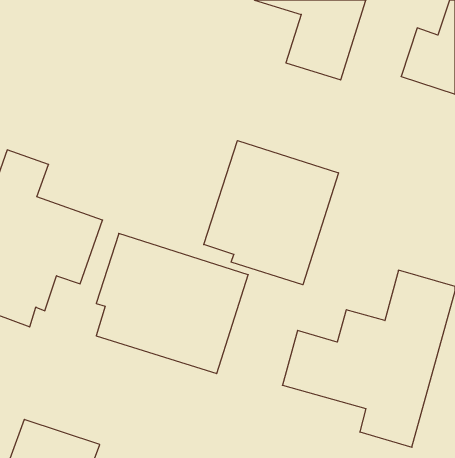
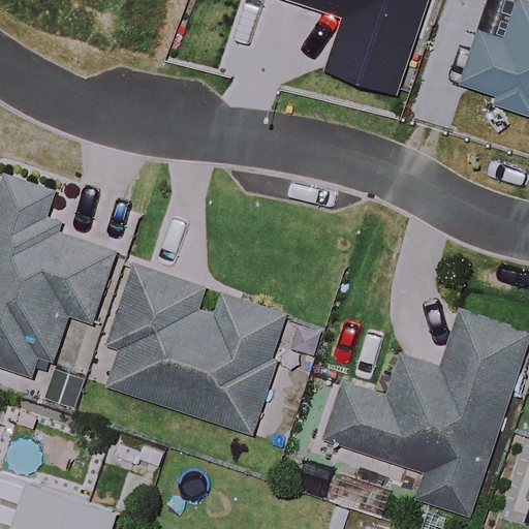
building: [204,141,338,285] -> none

